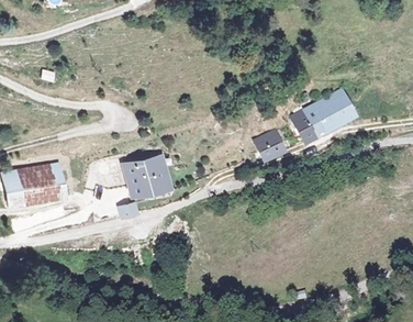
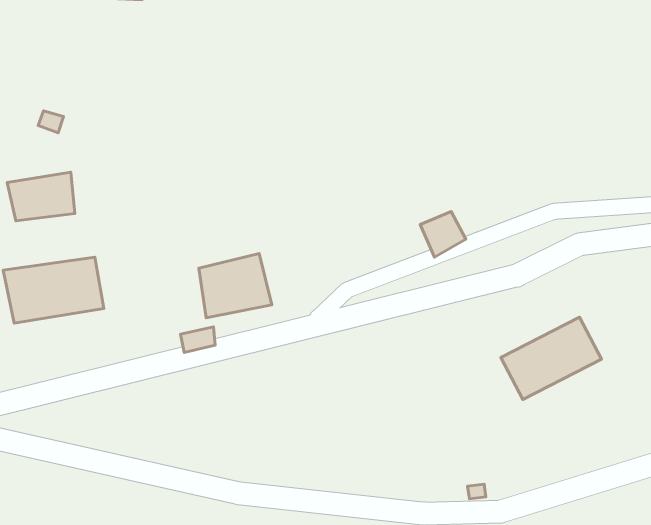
building: [291,90,351,140] -> [501,317,601,400]
building: none -> [7,172,75,221]

